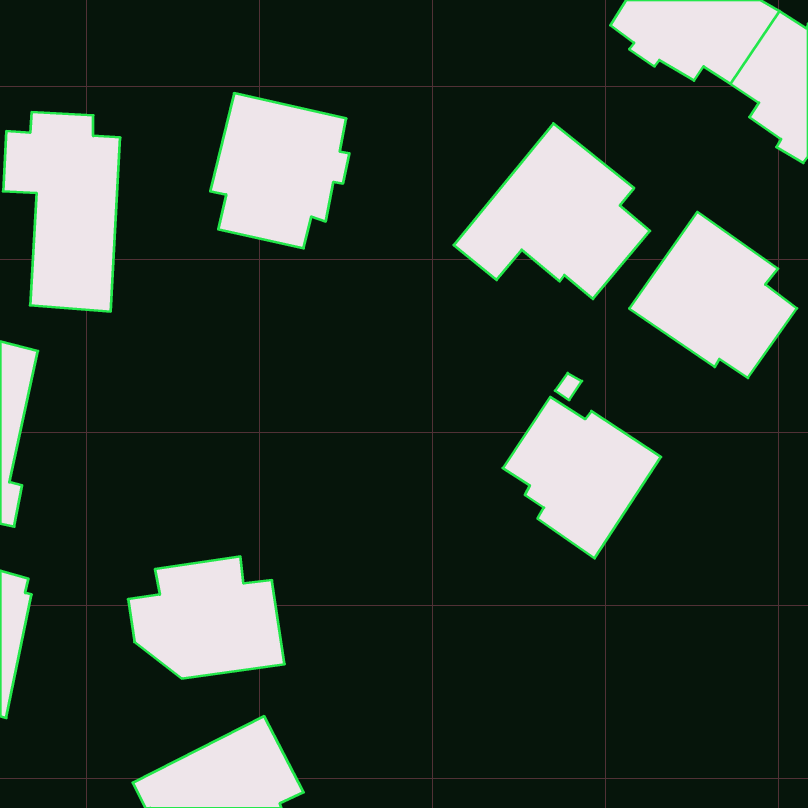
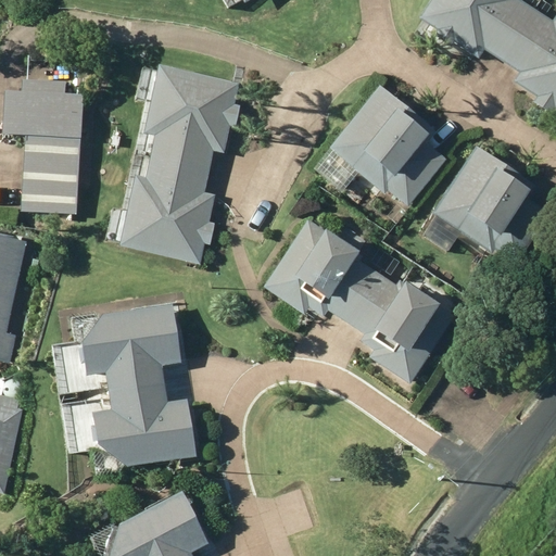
building: none -> [119,157,215,264]
building: none -> [263,218,378,321]
building: none -> [80,304,180,391]

